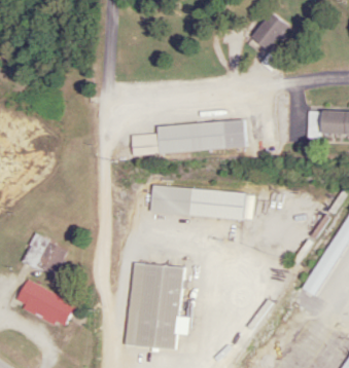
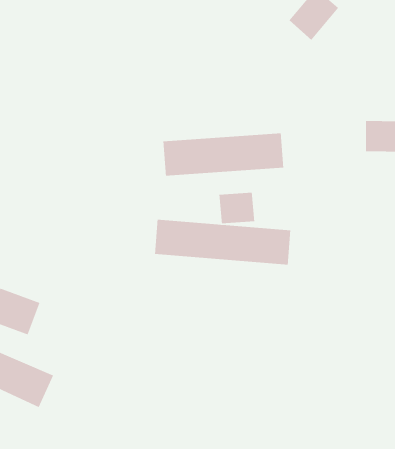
building: none -> [219,192,255,224]
building: [125,262,185,351] -> none

